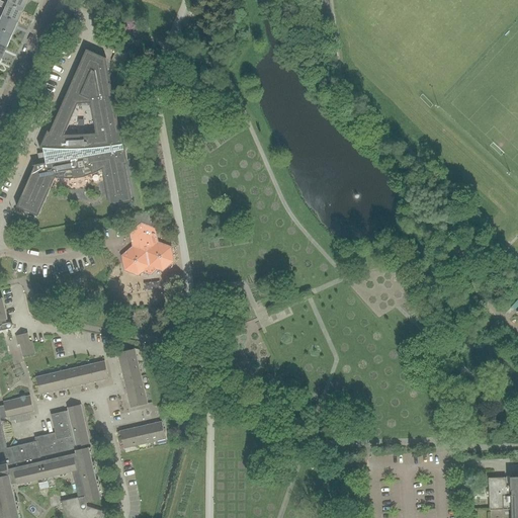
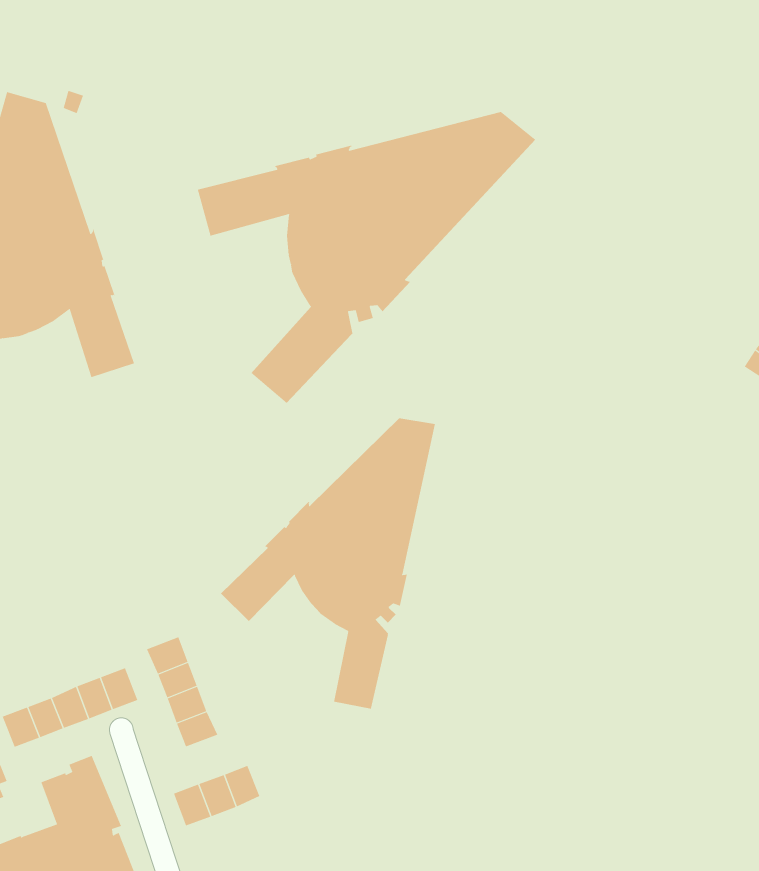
building: none -> [197,111,536,404]
building: [120,223,172,274] -> none
building: none -> [220,417,435,709]

